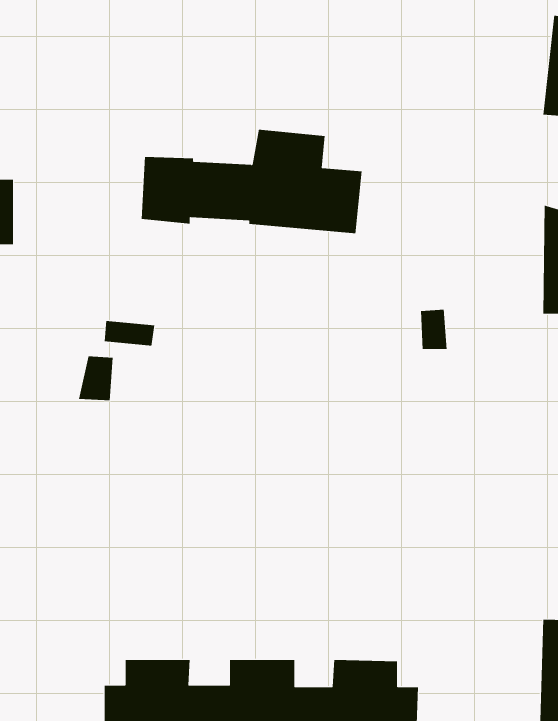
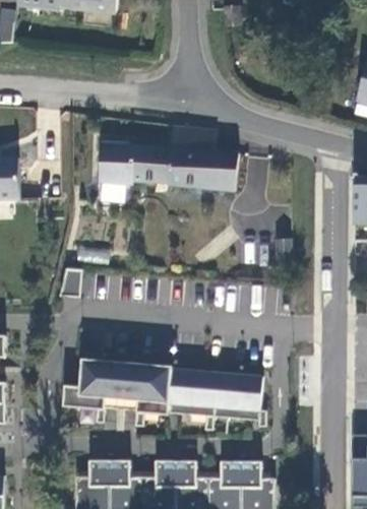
building: none -> [63,359,266,430]

